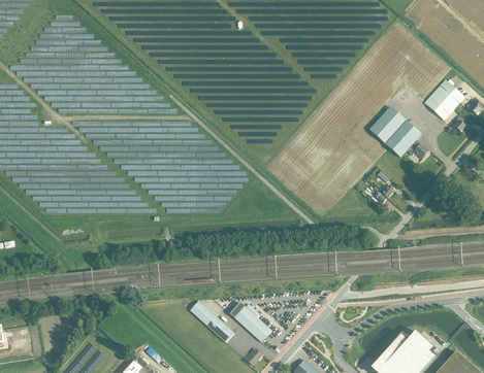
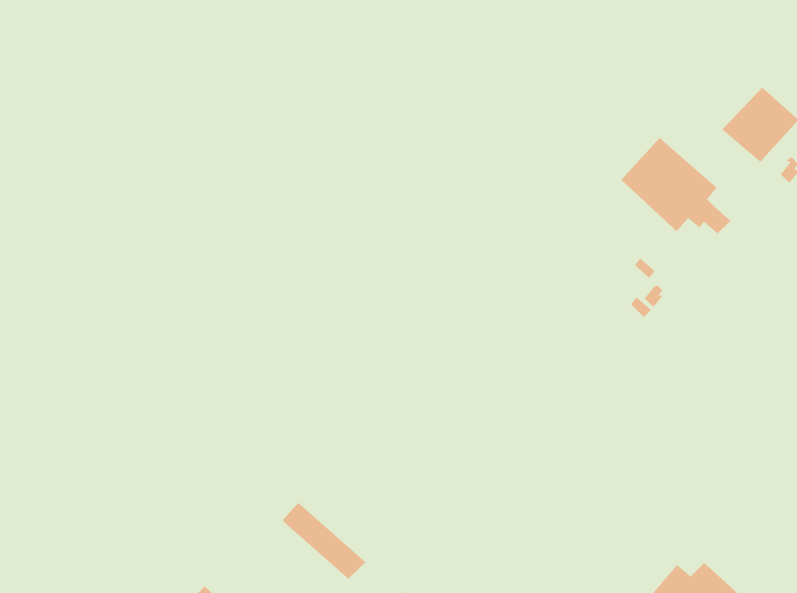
building: [229,302,271,342] -> none

